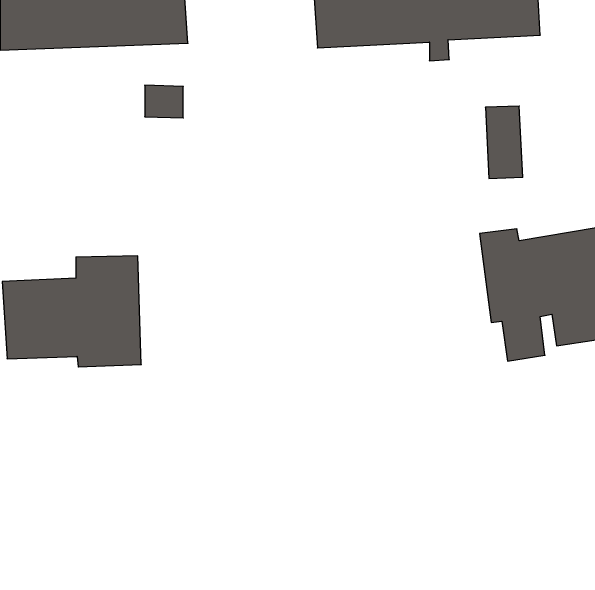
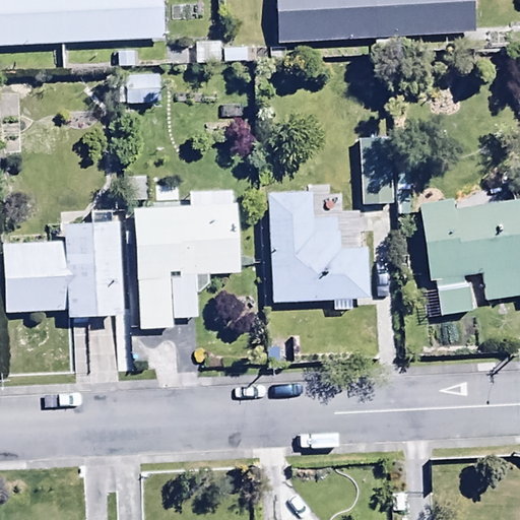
building: [485,106,523,178] -> [362,139,394,202]
building: none -> [134,190,241,331]
building: none -> [267,192,370,303]

